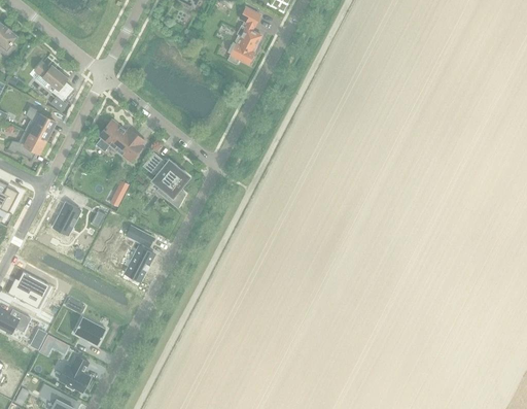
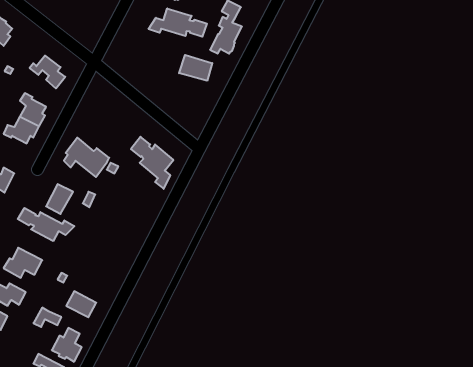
building: none -> [149,8,207,37]
building: none -> [179,55,212,81]
building: [96,118,144,161] -> [64,138,109,177]
building: [126,227,153,277] -> none
building: none -> [18,208,74,241]

